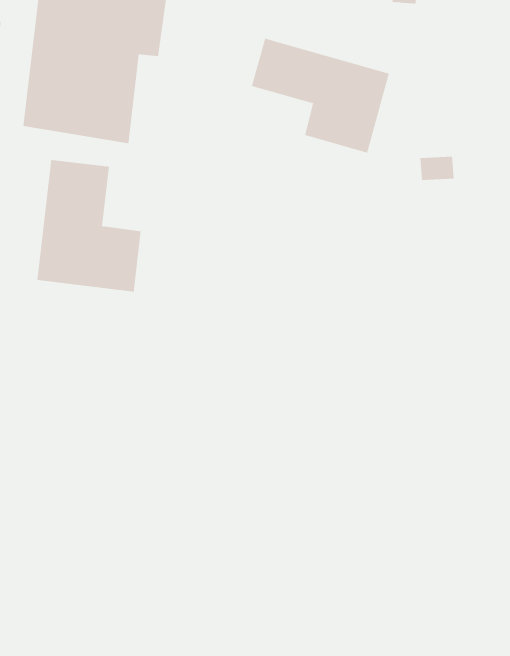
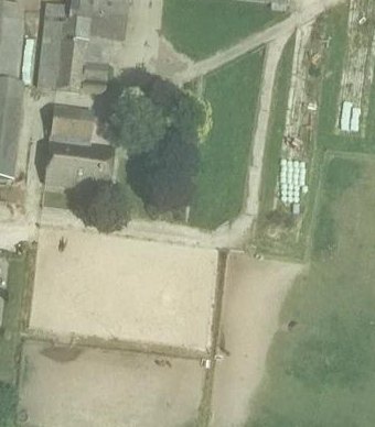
building: [251,38,389,153] -> none

